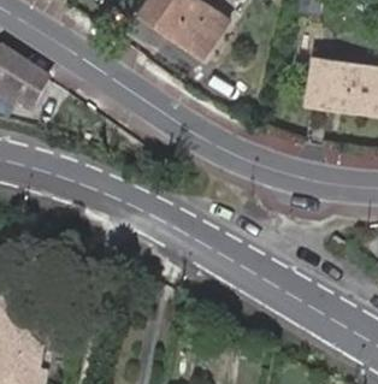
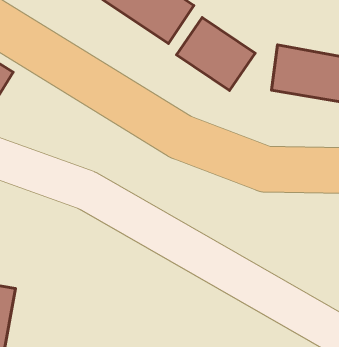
building: none -> [176,18,255,90]

